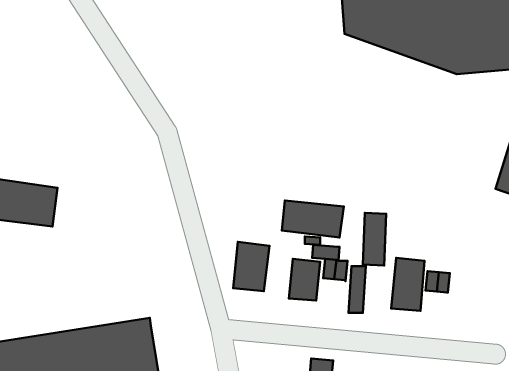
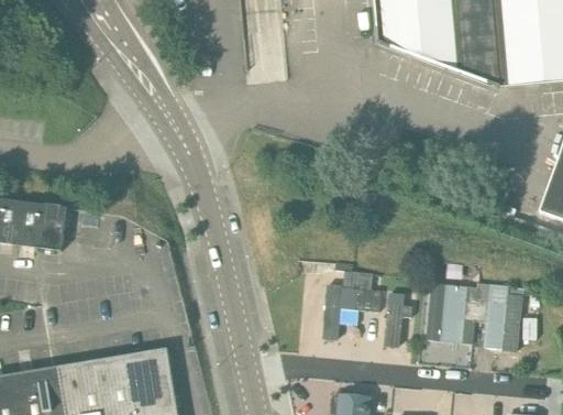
building: [282,200,344,237] -> none
building: [363,213,386,266] -> [493,295,518,352]
building: [233,242,269,291] -> none

